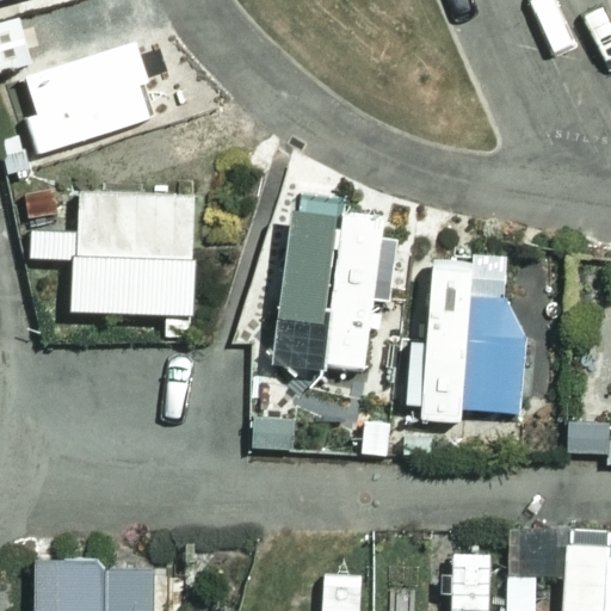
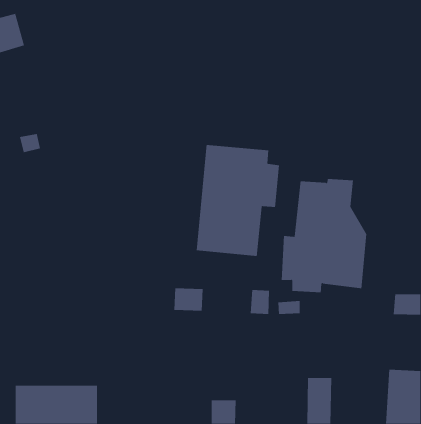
building: [27,44,154,159] -> none
building: [33,196,200,319] -> none

